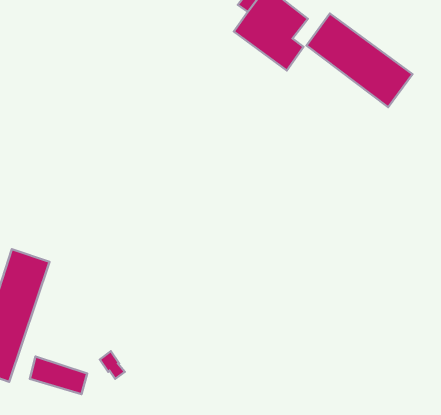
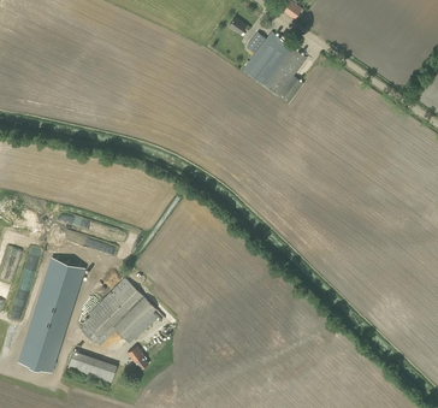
building: [307,13,413,107] -> none
building: none -> [82,277,158,345]

